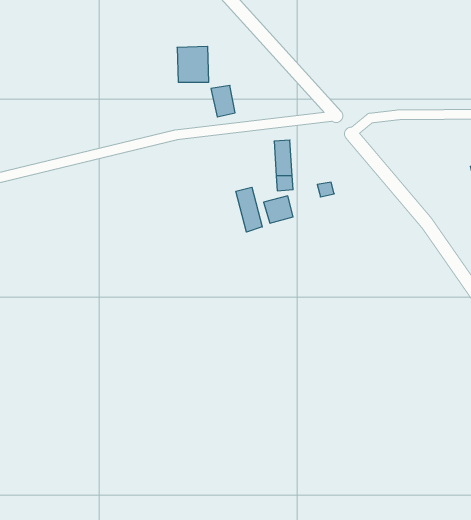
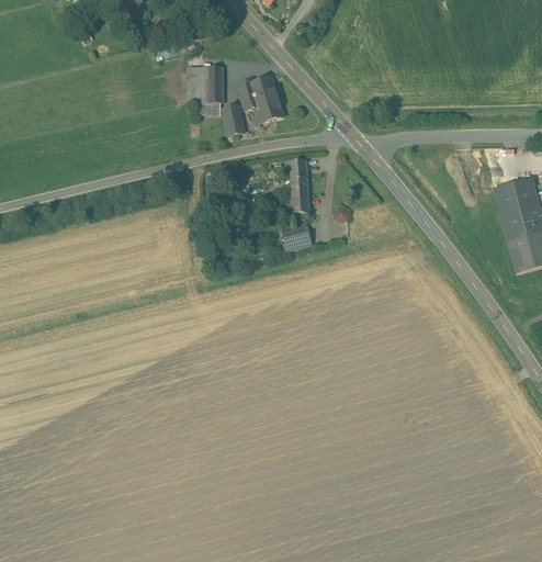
building: none -> [244,72,285,120]
building: [236,187,262,232] -> none

